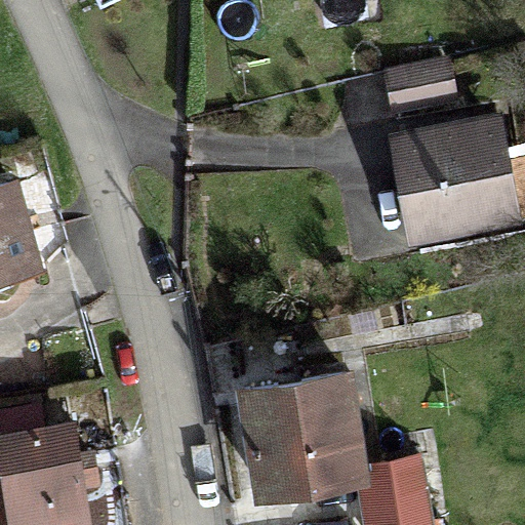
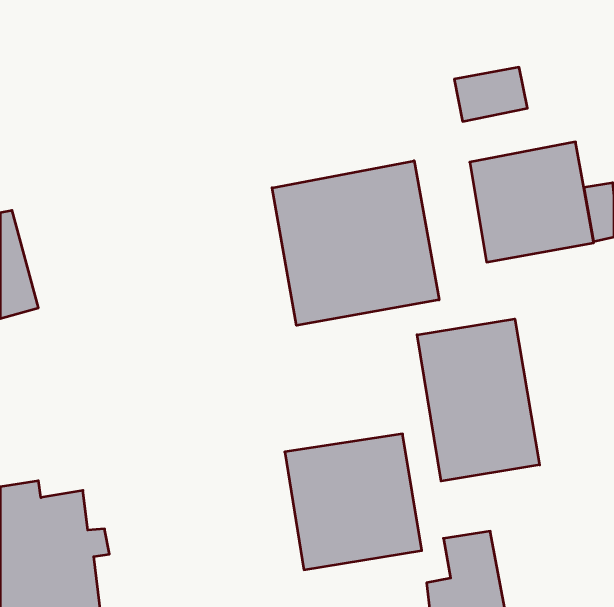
building: none -> [272,161,439,325]
building: none -> [417,319,540,481]

